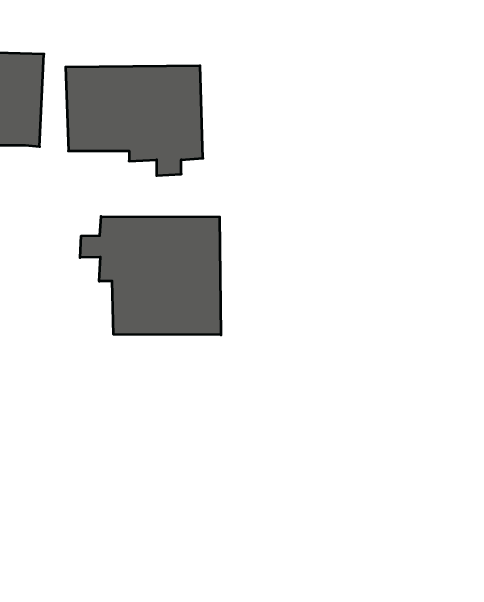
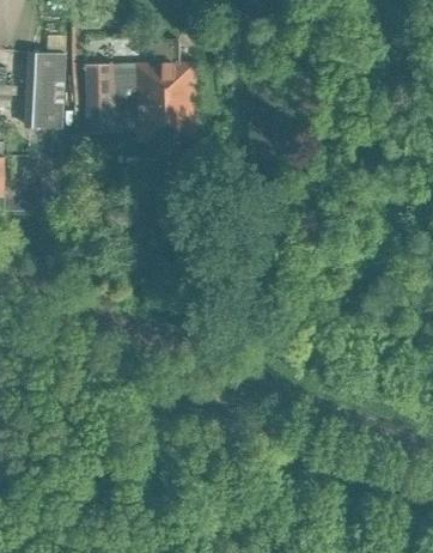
building: [80,216,221,335] -> none

